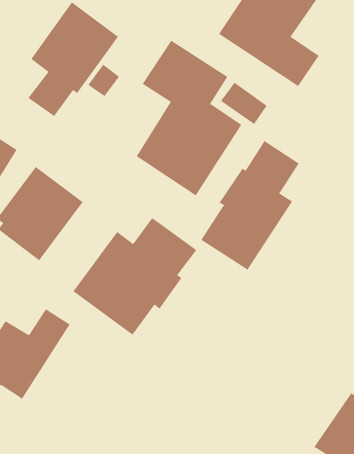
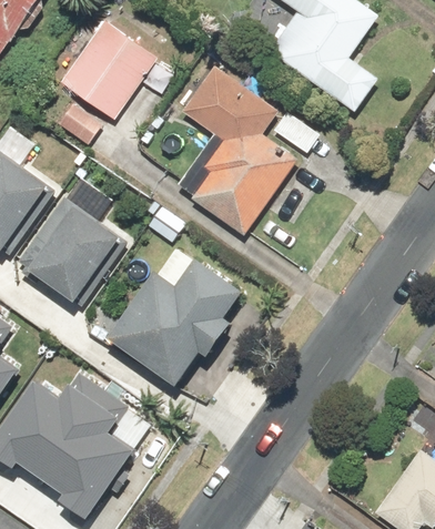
building: [201,140,300,270] -> none
building: none -> [51,376,138,509]

